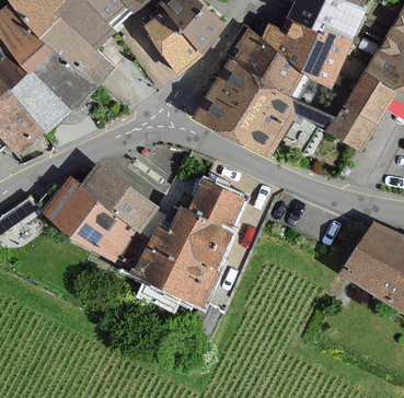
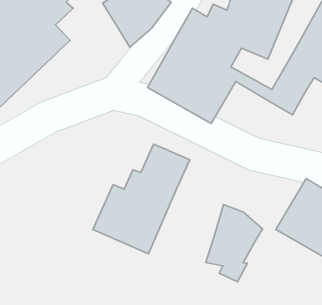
building: [44,165,155,260] -> none
building: none -> [206,205,263,282]

